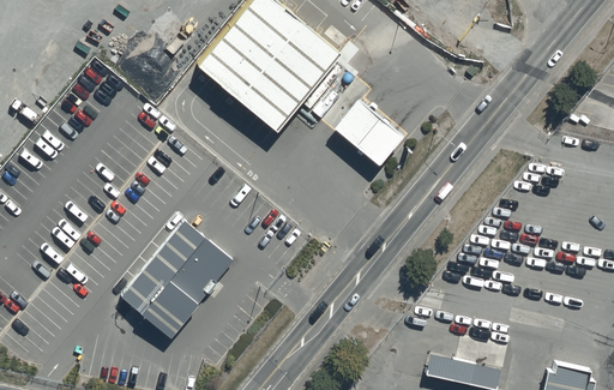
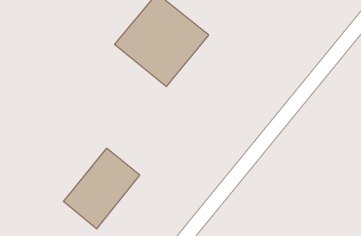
building: [332,100,401,164] -> none

